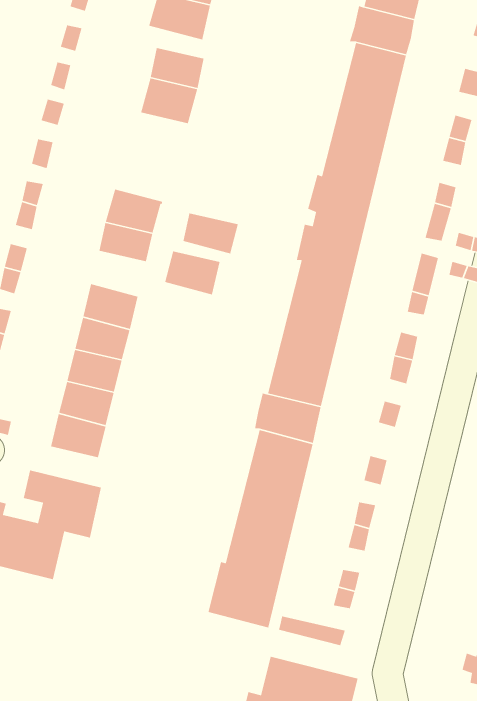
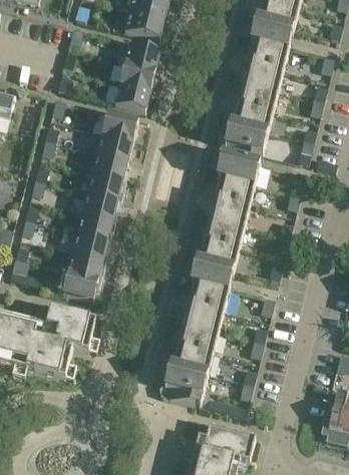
building: none -> [113,85,148,112]
building: [183,213,239,254] -> [102,114,137,140]
building: [164,250,221,295] -> [87,171,122,199]

